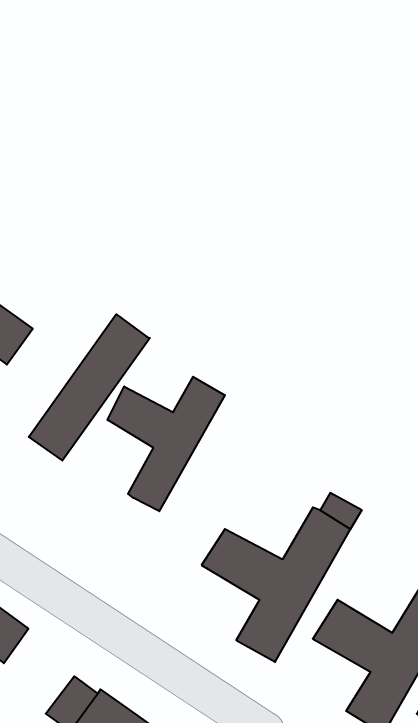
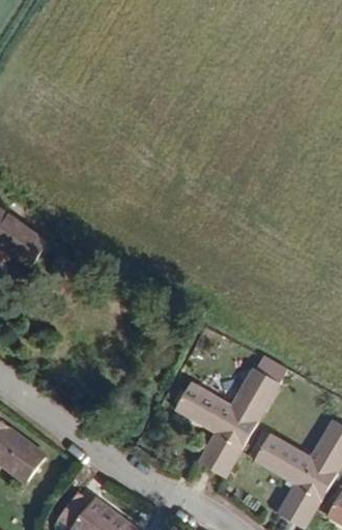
building: [29,314,150,461] -> none
building: [107,377,225,511] -> none

